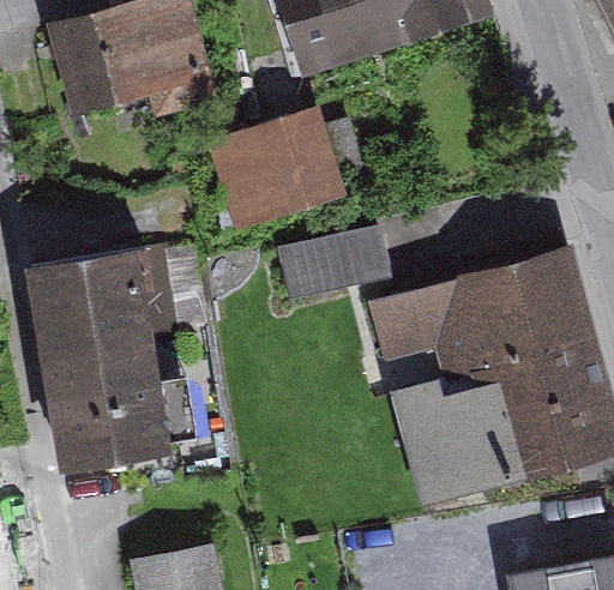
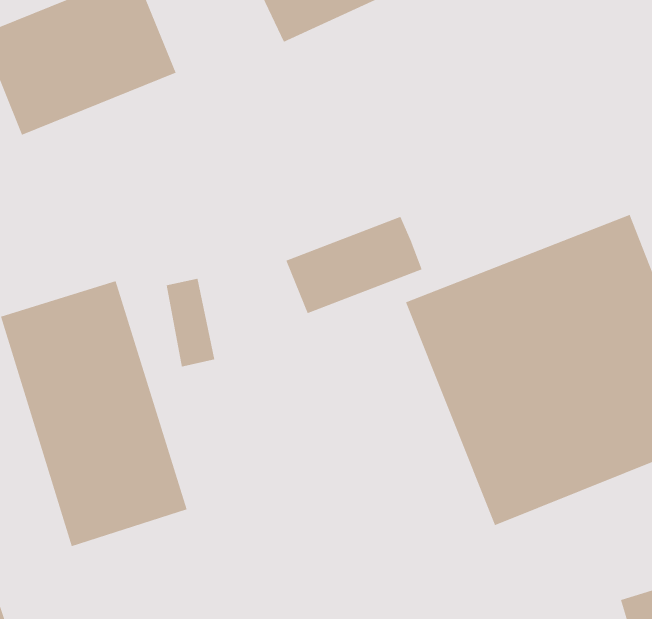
building: [219,114,341,227] -> none

